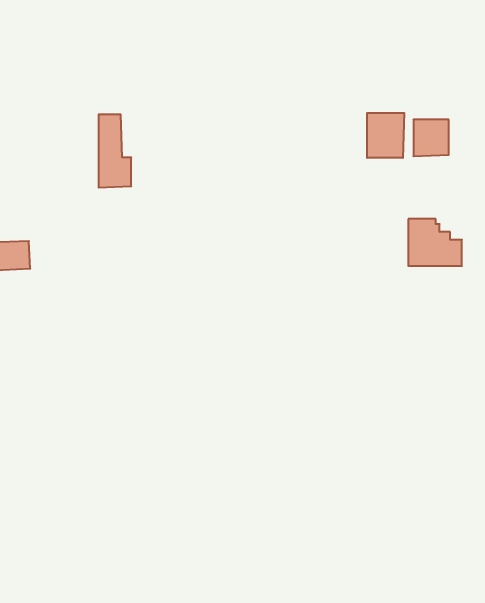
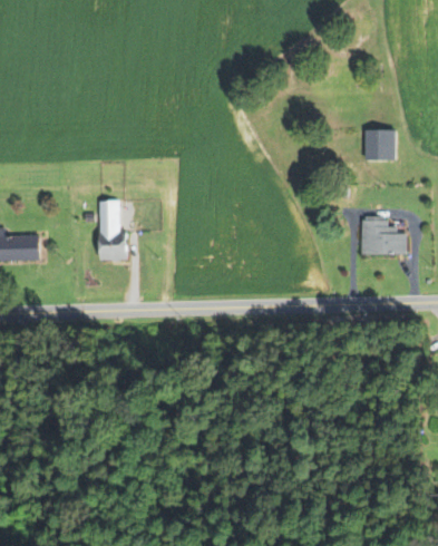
building: [367,113,404,158] -> none
building: [99,114,131,188] -> [99,199,127,262]

